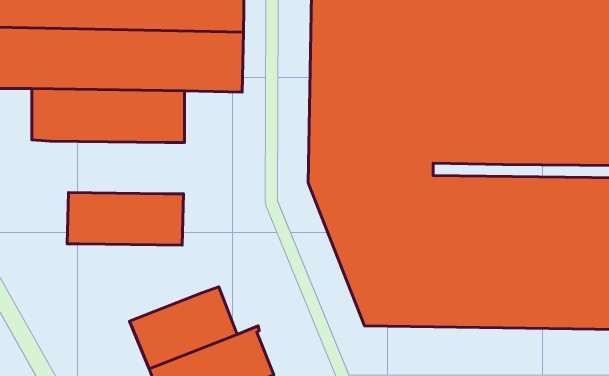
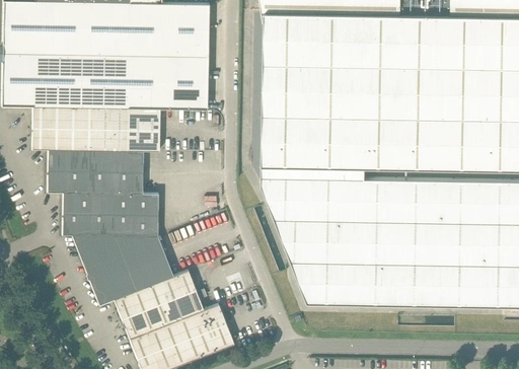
building: none -> [47,150,143,194]
building: none -> [72,235,173,305]

